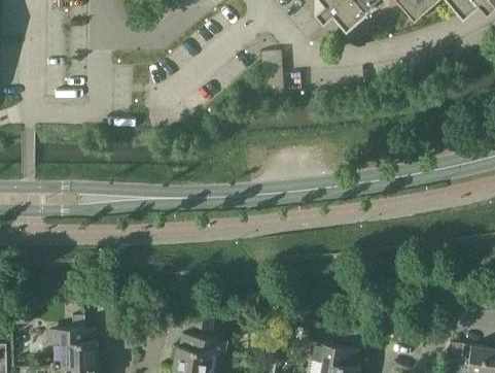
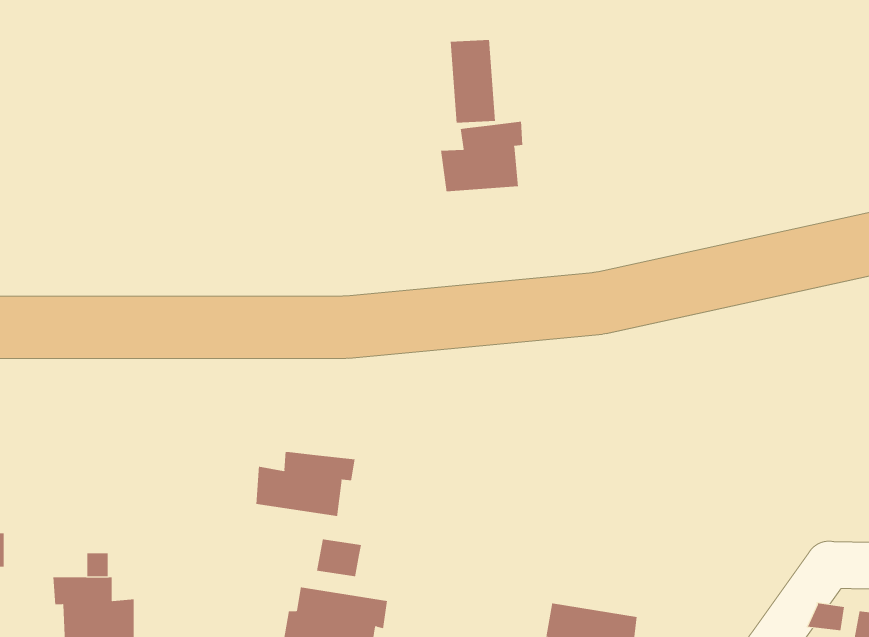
building: none -> [440,121,523,192]
building: none -> [256,451,355,517]

